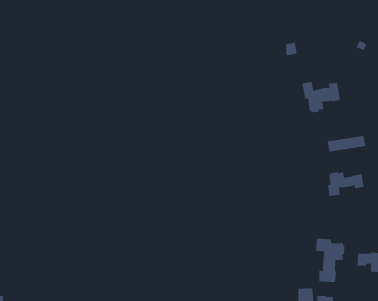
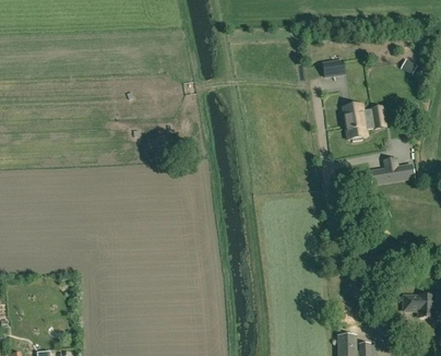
building: [327,171,364,197] -> none
building: [316,238,345,283] -> none

